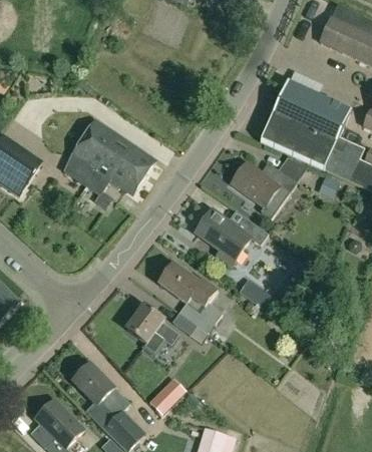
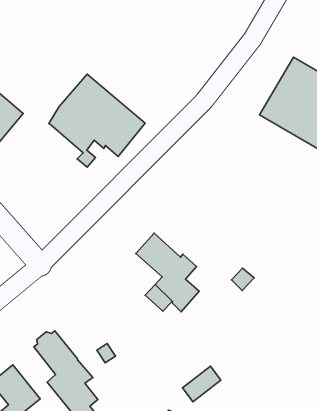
building: [231,160,296,217] -> none
building: [196,208,268,264] -> none
building: [125,304,177,353] -> none
building: [149,377,184,412] -> [183,366,221,402]

